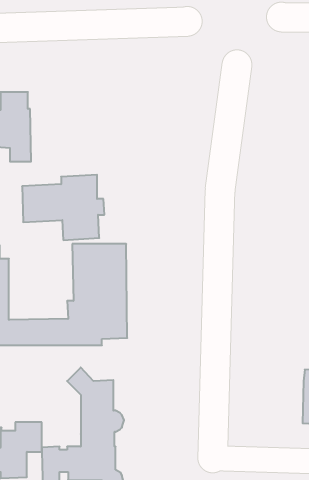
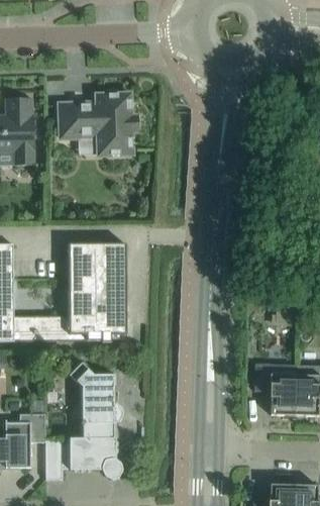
building: [22,175,104,240] -> [58,93,136,156]
building: none -> [252,363,295,415]

